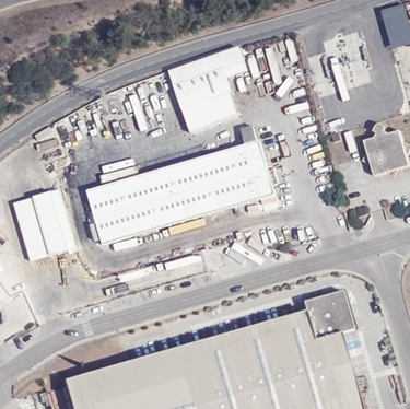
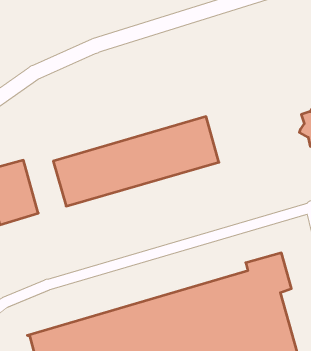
building: [166,44,249,132] -> none

